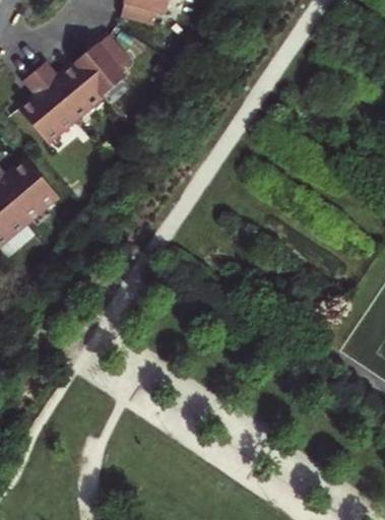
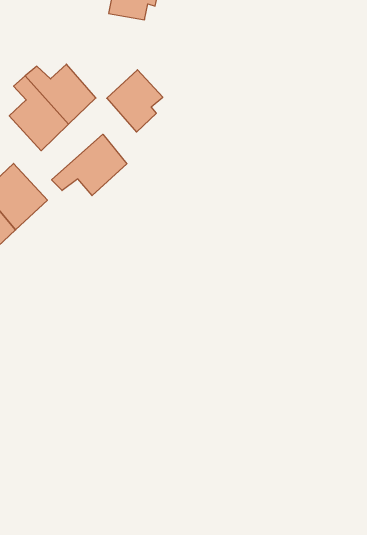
building: [74,36,128,95] -> [107,70,163,132]
building: none -> [52,134,127,196]

